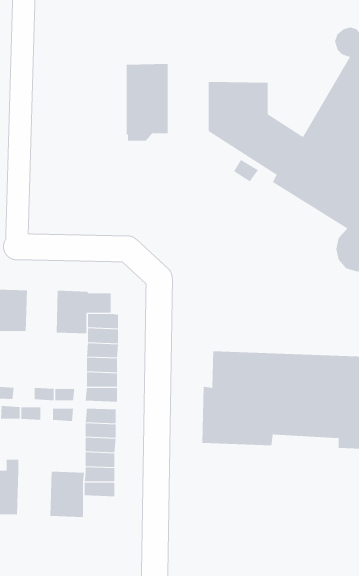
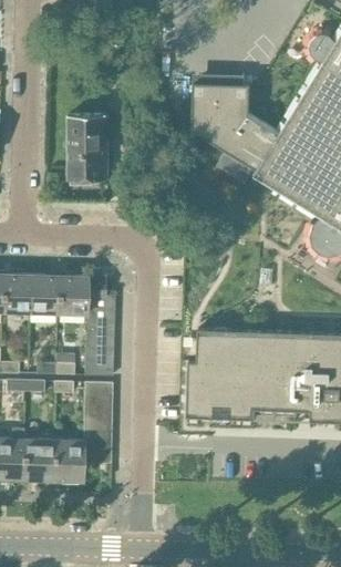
building: [126,63,169,141] -> [68,114,106,185]
building: none -> [29,274,56,312]
building: none -> [21,437,51,480]

